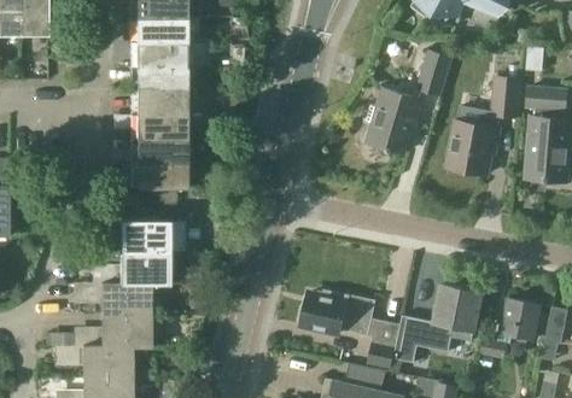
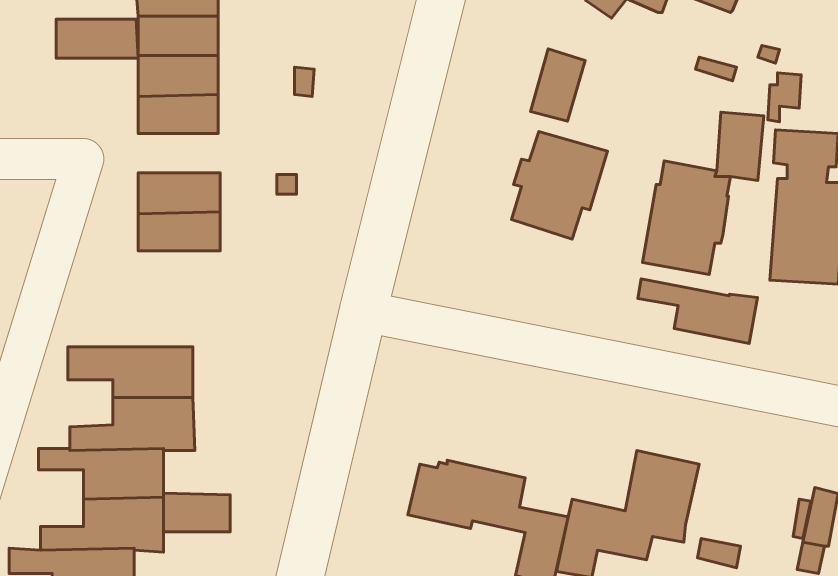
building: [418,51,451,95] -> [530,49,585,121]
building: [135,89,186,113] -> [56,19,138,58]
building: [135,162,186,188] -> none
building: none -> [638,279,757,343]
building: [501,299,541,339] -> none
building: none -> [164,493,230,532]

